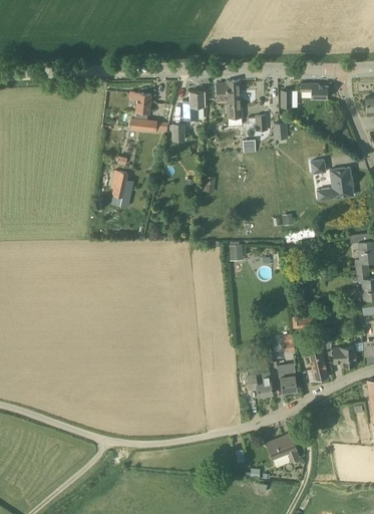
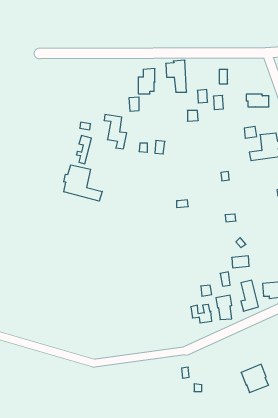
building: [300,83,327,98] -> [246,94,269,107]
building: [129,91,156,133] -> [104,115,127,149]
building: none -> [64,165,102,201]
building: [266,433,299,467] -> [241,364,269,393]

